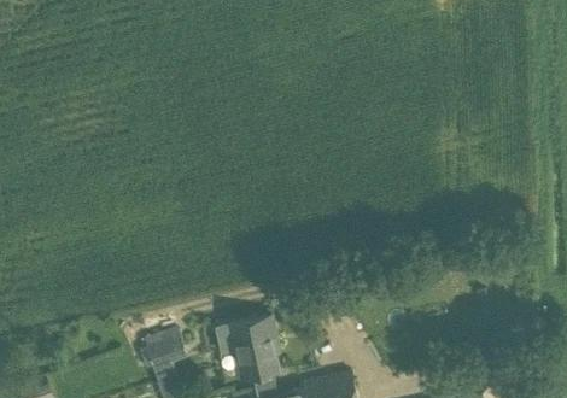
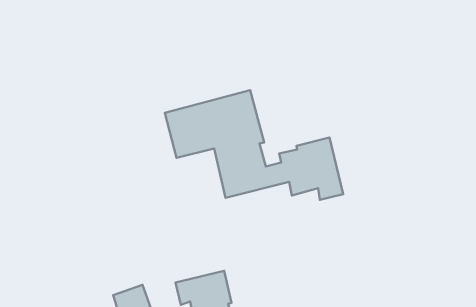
building: none -> [165,90,343,200]

